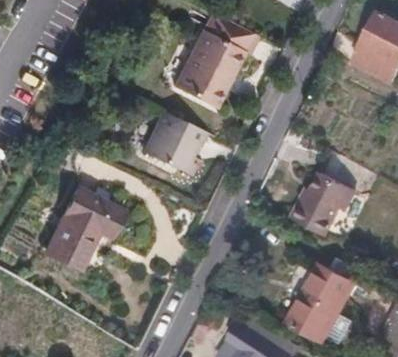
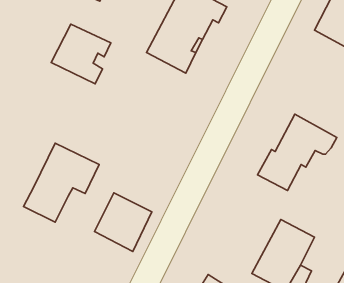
building: [143,109,207,173] -> [51,24,111,84]
building: none -> [95,193,152,251]

